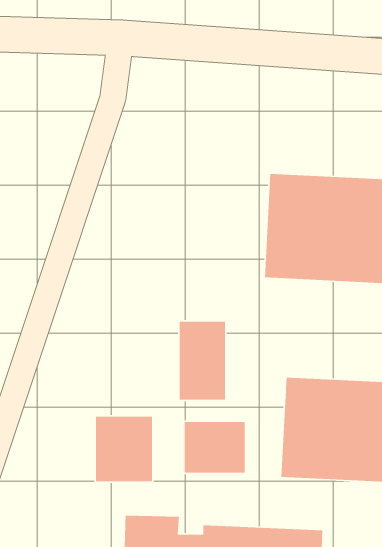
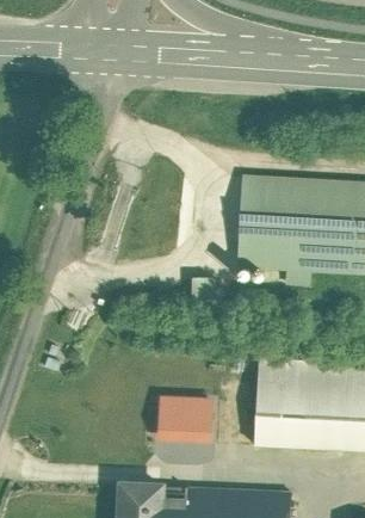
building: [179,321,226,400] -> none
building: [95,416,153,482] -> none

